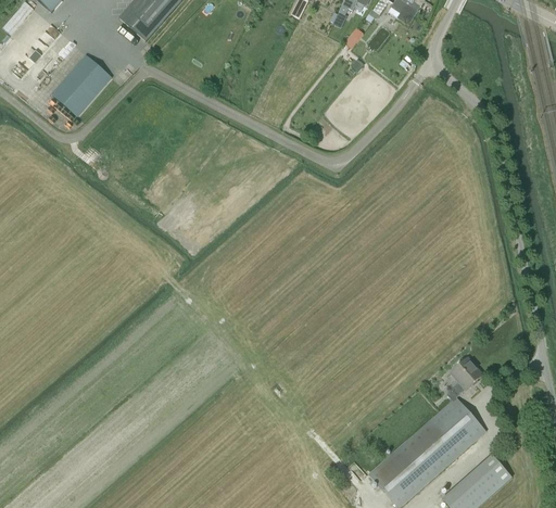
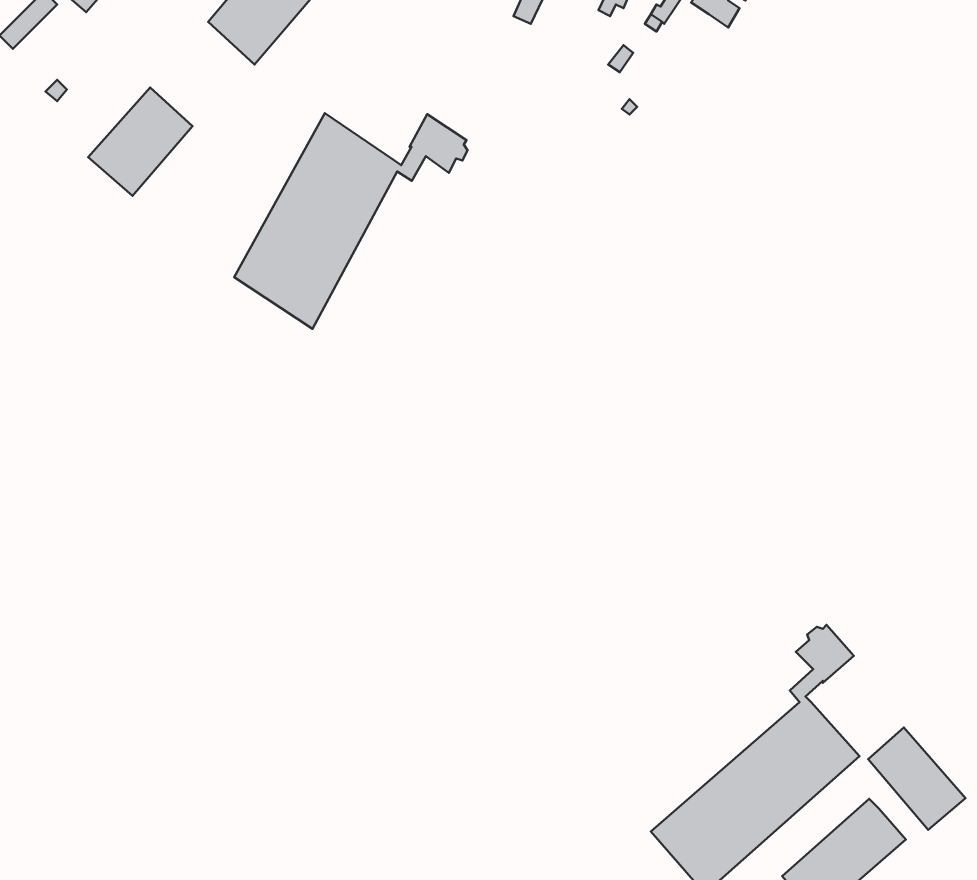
building: none -> [234,113,467,329]
building: none -> [868,727,966,830]

